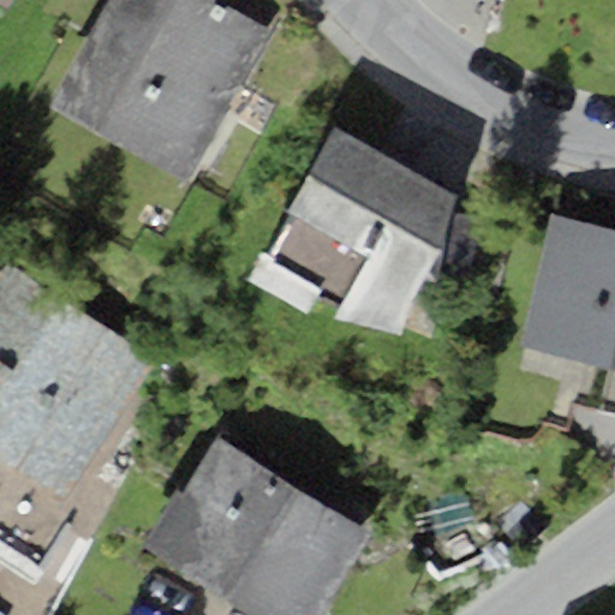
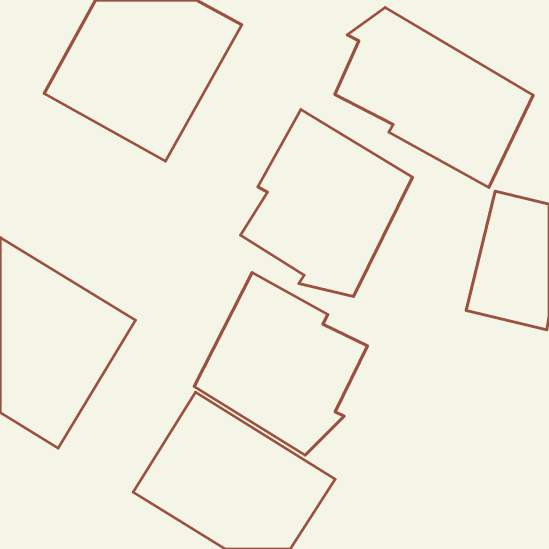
building: none -> [335,7,533,188]
building: none -> [194,272,367,455]

